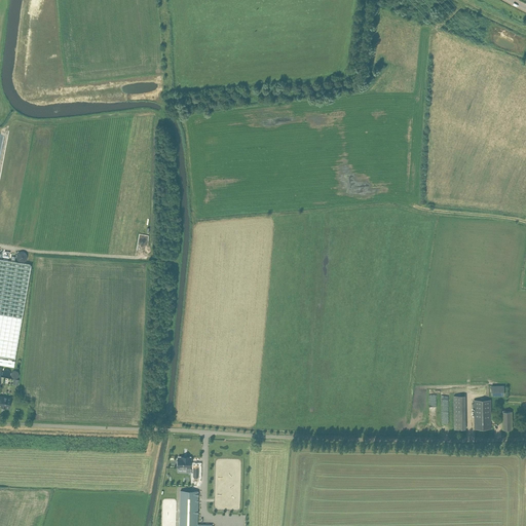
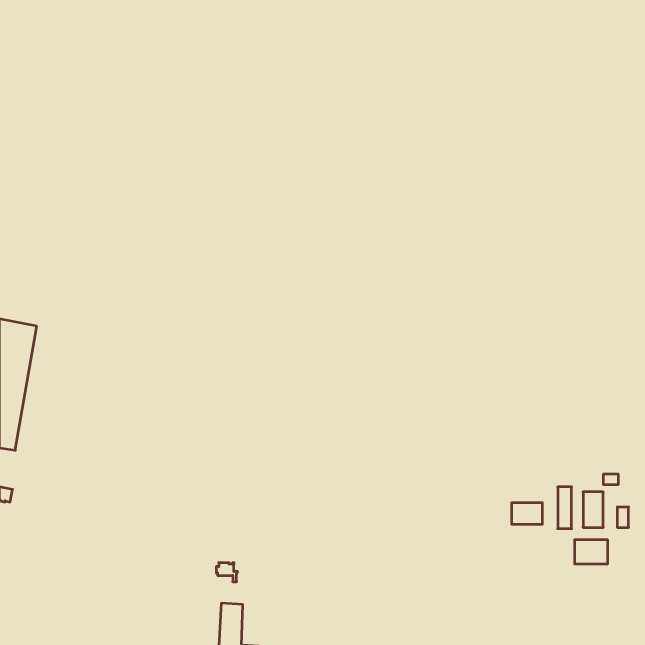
building: none -> [512,503,542,524]
building: none -> [575,540,607,564]

